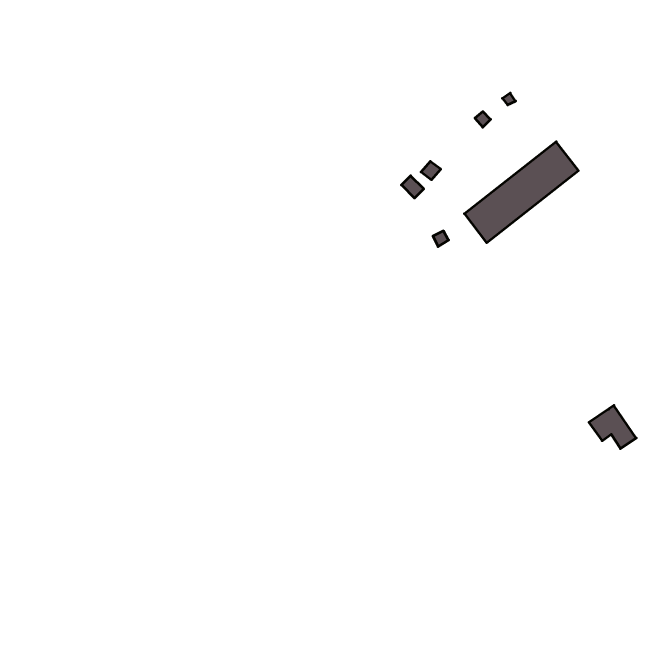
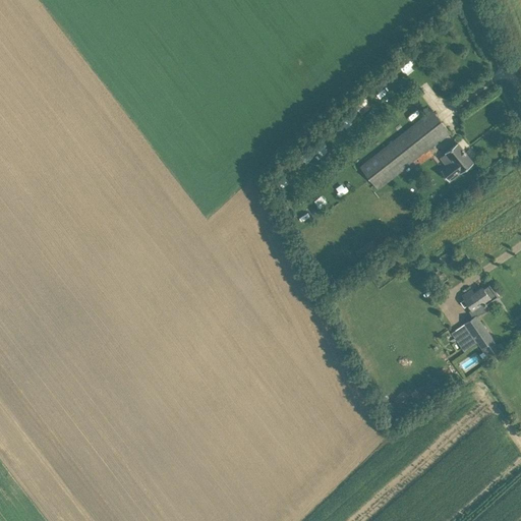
building: none -> [441,143,472,181]
building: none -> [461,285,498,319]

